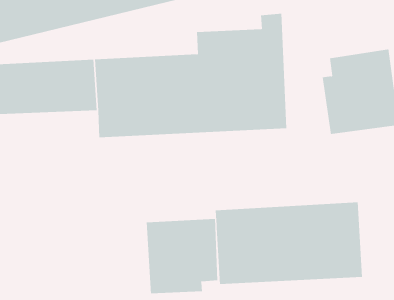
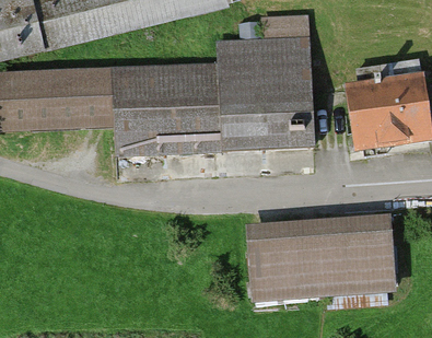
building: [146,218,218,294] -> none

